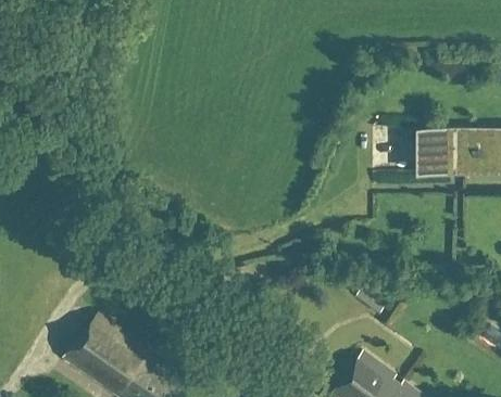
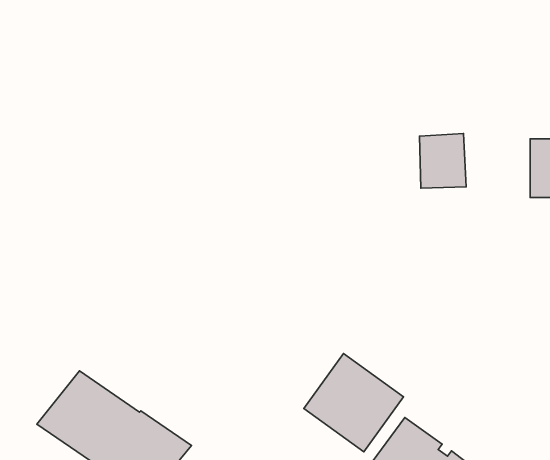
building: [423,127,452,175] -> none
building: none -> [304,354,404,452]

